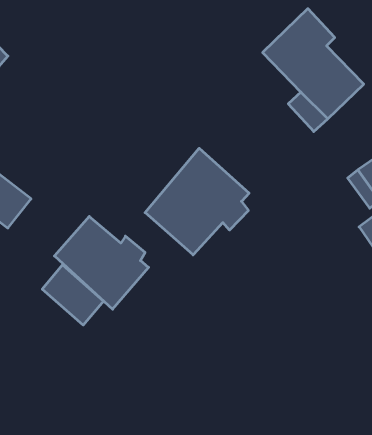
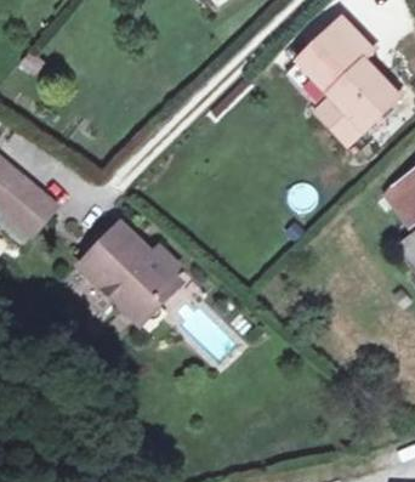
building: [145,148,249,255] -> none
building: [42,265,104,325] -> none

